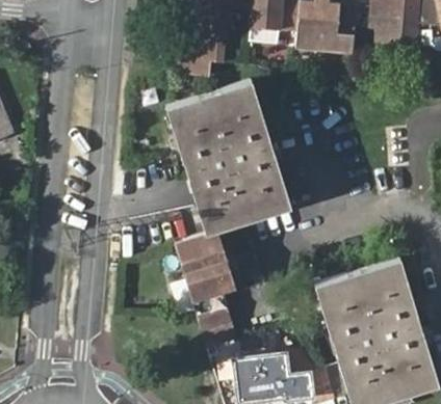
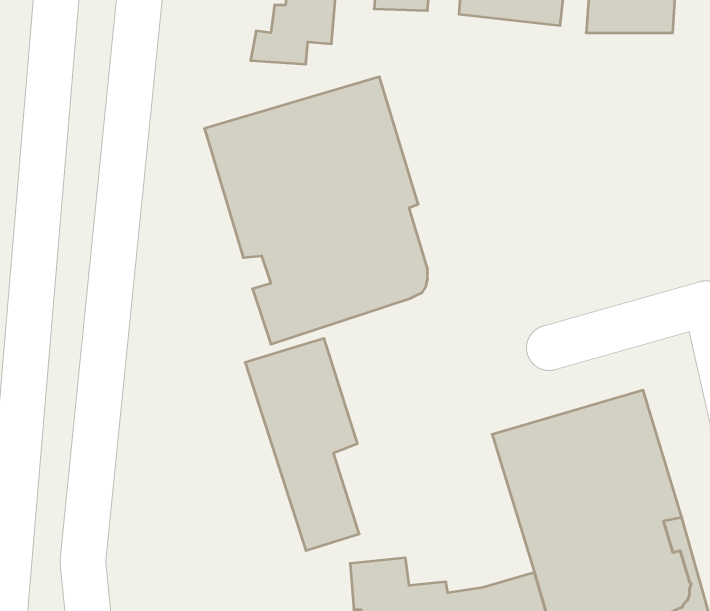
building: [191,154,291,238] -> none

